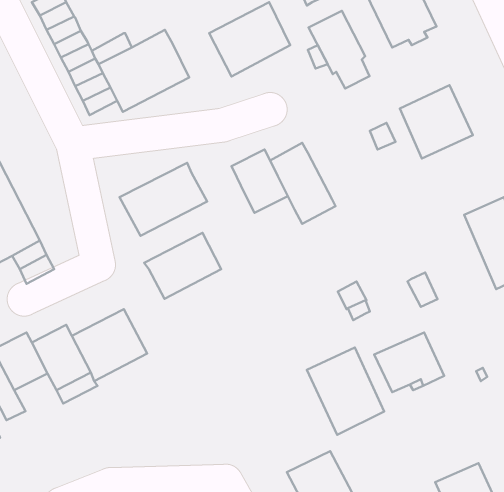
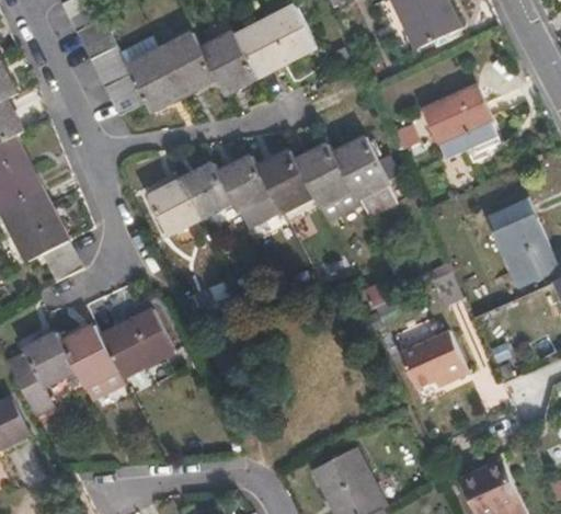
building: [309,11,370,88] -> [333,136,393,213]
building: none -> [199,28,259,96]
building: none -> [218,155,271,210]
building: [144,233,221,299] -> none
building: [307,348,384,435] -> none

